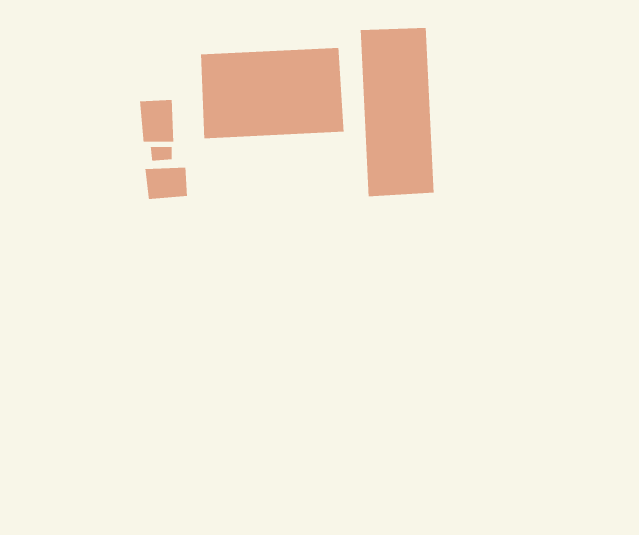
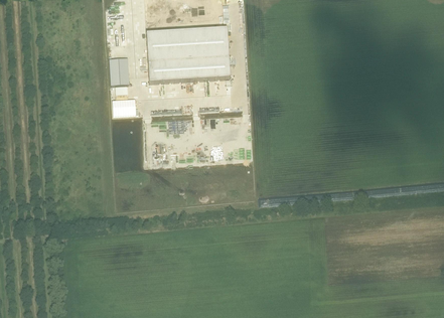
building: [360,27,435,197] -> none

